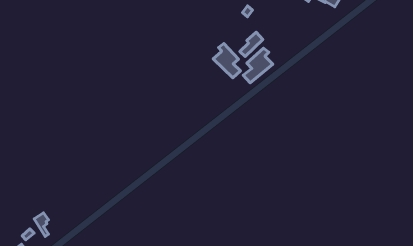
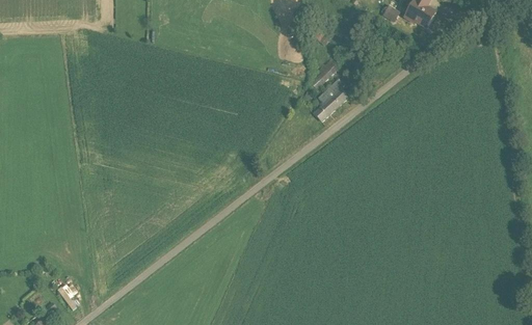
building: [213,44,240,78] -> none

